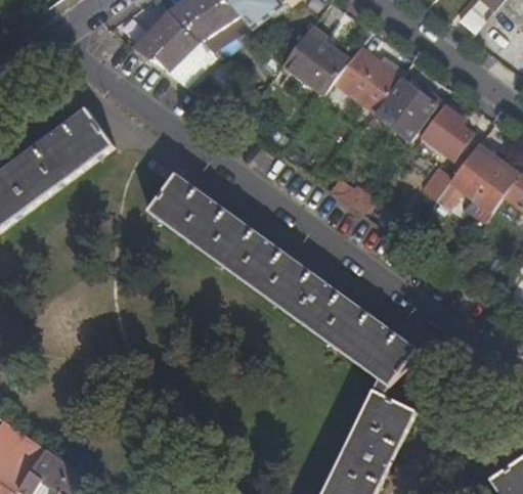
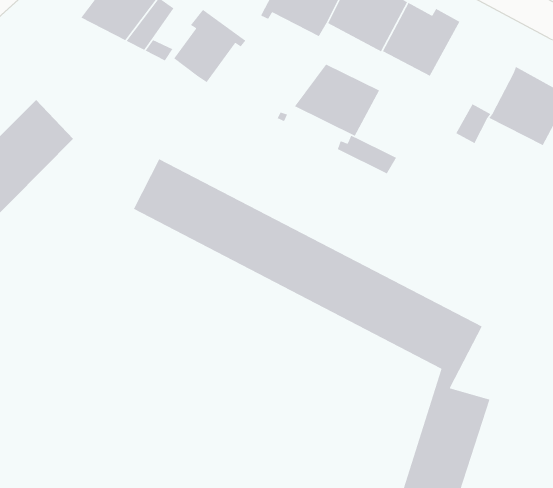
building: none -> [173,9,246,83]
building: [423,104,471,160] -> none
building: none -> [294,63,380,137]

